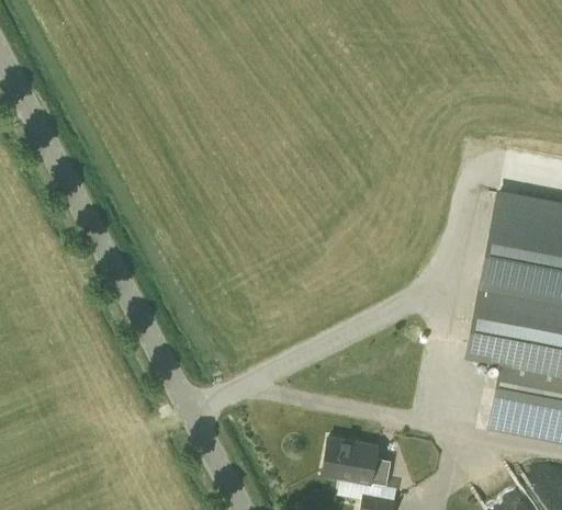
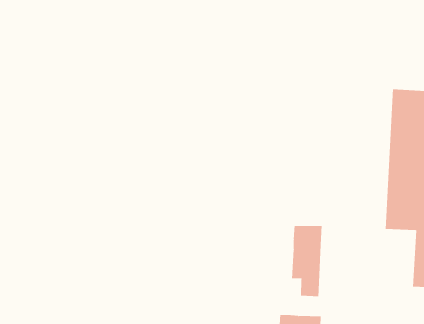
building: none -> [292,225,322,297]

